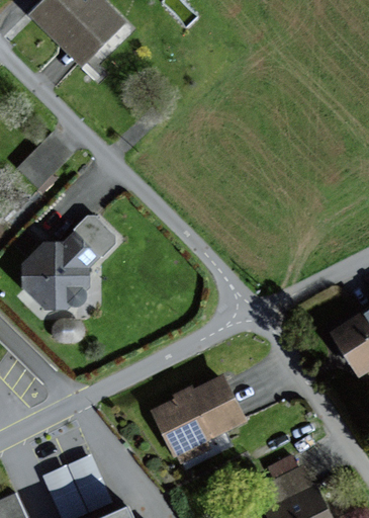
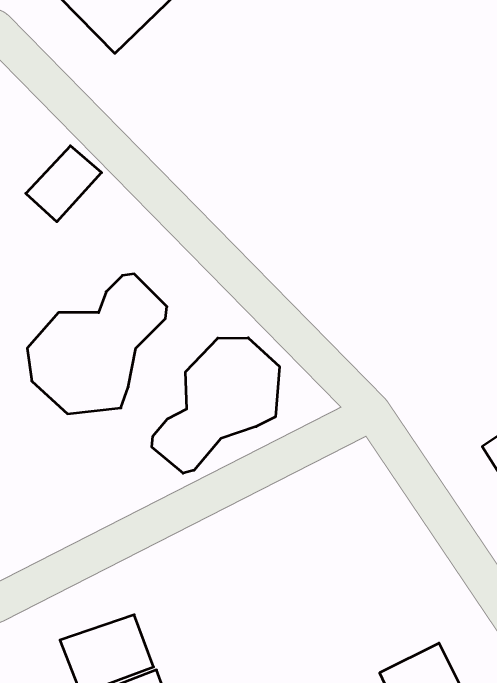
building: none -> [152,338,279,473]
building: [153,379,241,463] -> none

